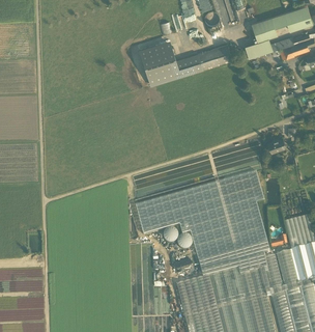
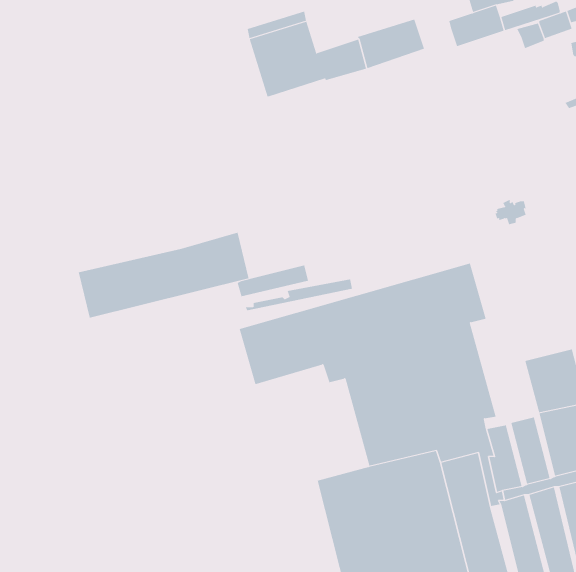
building: none -> [78,232,249,319]

